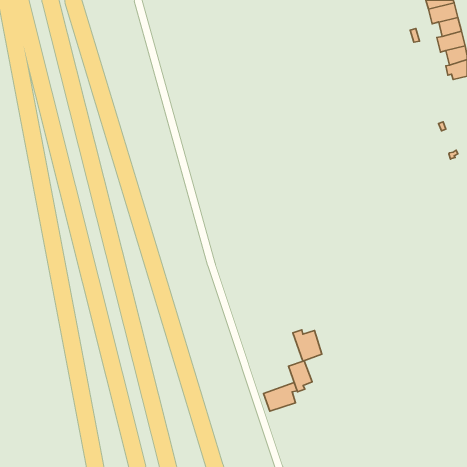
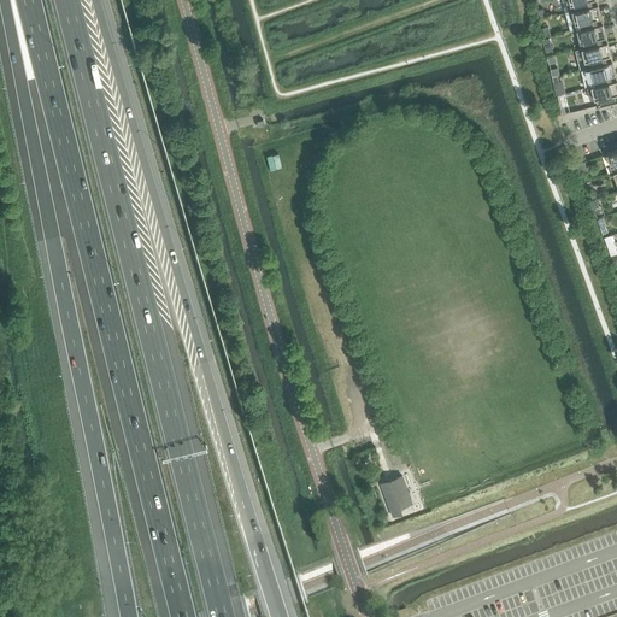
building: [293,330,322,361] -> none
building: [263,382,297,411] -> none

